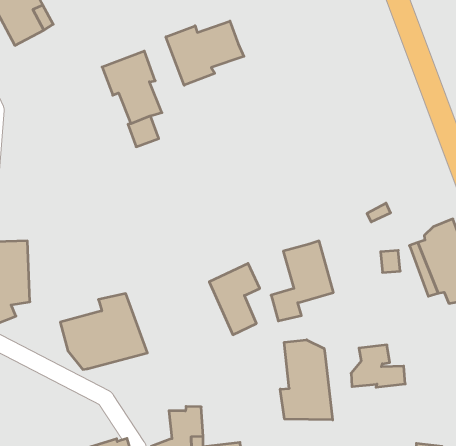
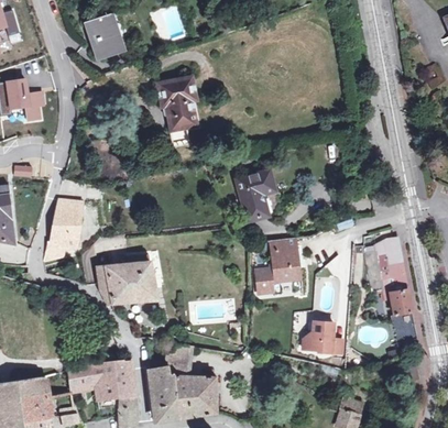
building: [166,21,244,85] -> none
building: [209,263,260,335] -> [237,171,273,221]
building: [280,340,333,420] -> none

